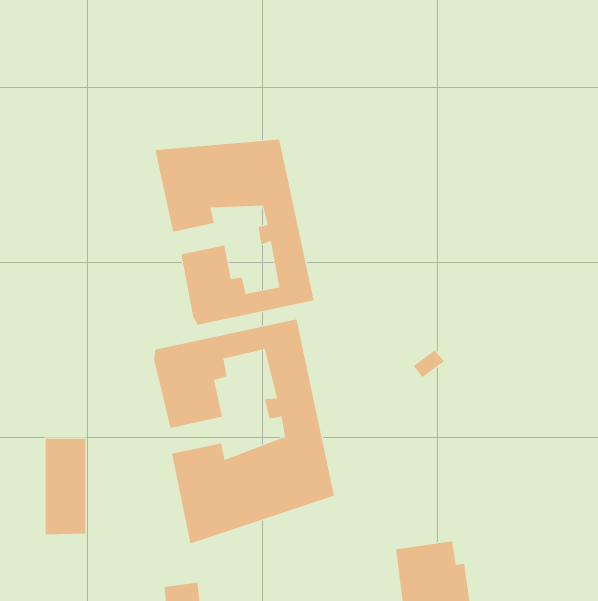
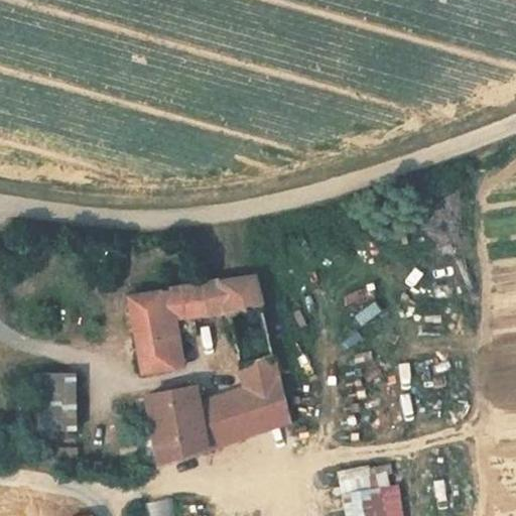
building: [155,139,314,326] -> none

